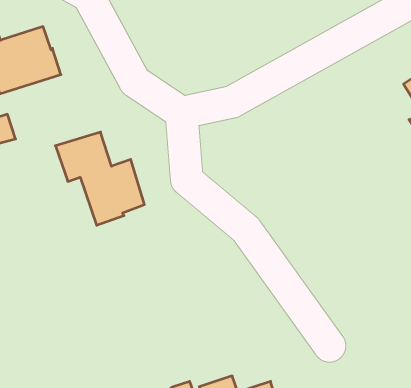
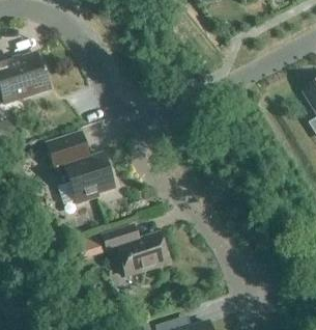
building: none -> [102,224,168,275]

